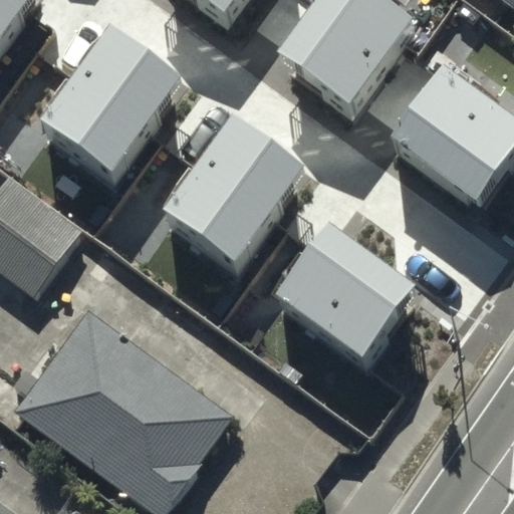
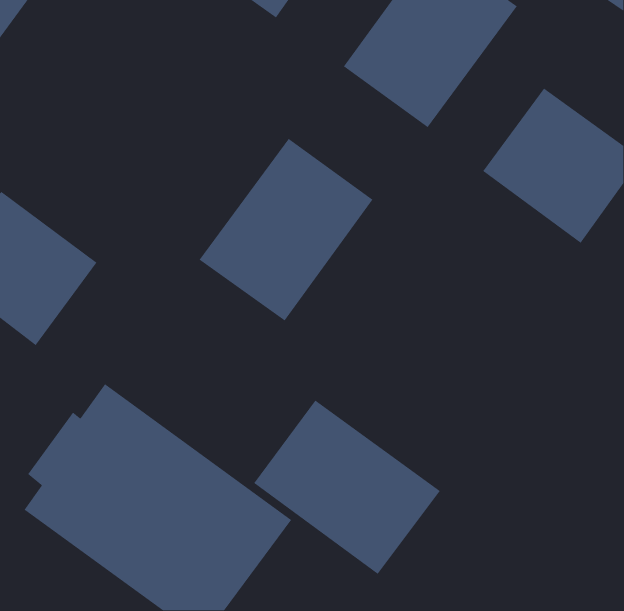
building: [40,22,183,172] -> none
building: [283,229,415,356] -> none
building: none -> [253,400,441,575]

